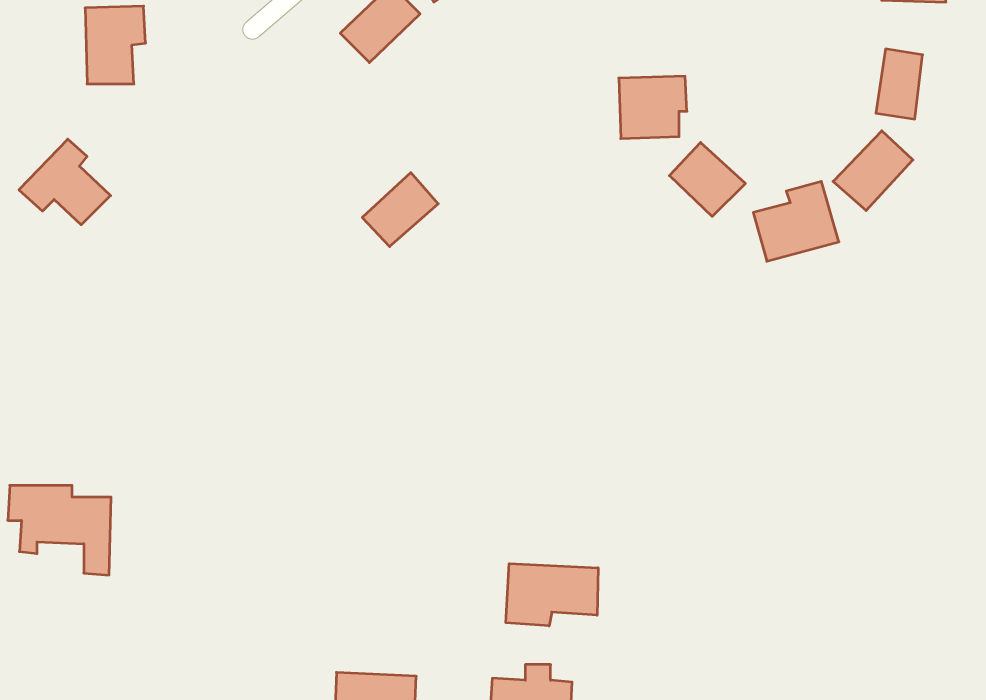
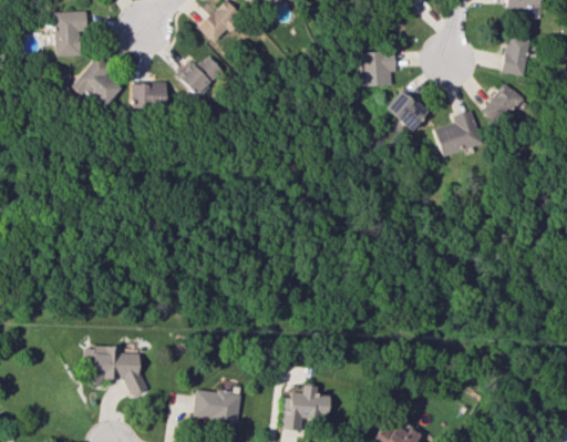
building: none -> [132,82,167,107]
building: [19,139,111,225] -> [70,56,122,105]
building: [362,173,438,247] -> [179,53,223,95]
building: [8,485,111,575] -> [85,347,144,398]
building: [506,564,598,626] -> none

